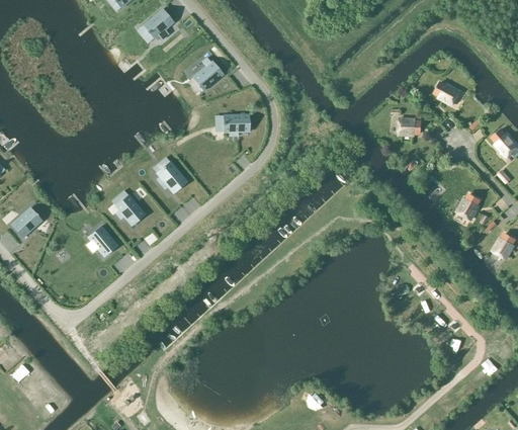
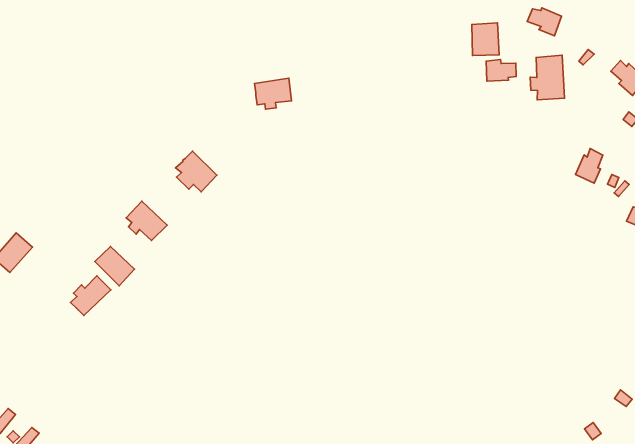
building: [193,58,224,90] -> none
building: none -> [472,23,499,56]
building: none -> [530,55,564,100]
building: none -> [71,276,111,316]

